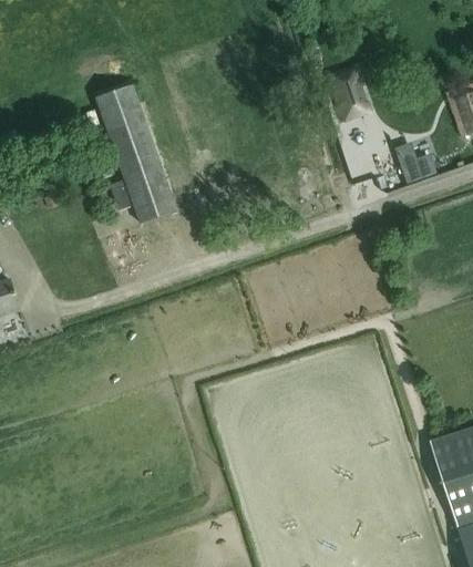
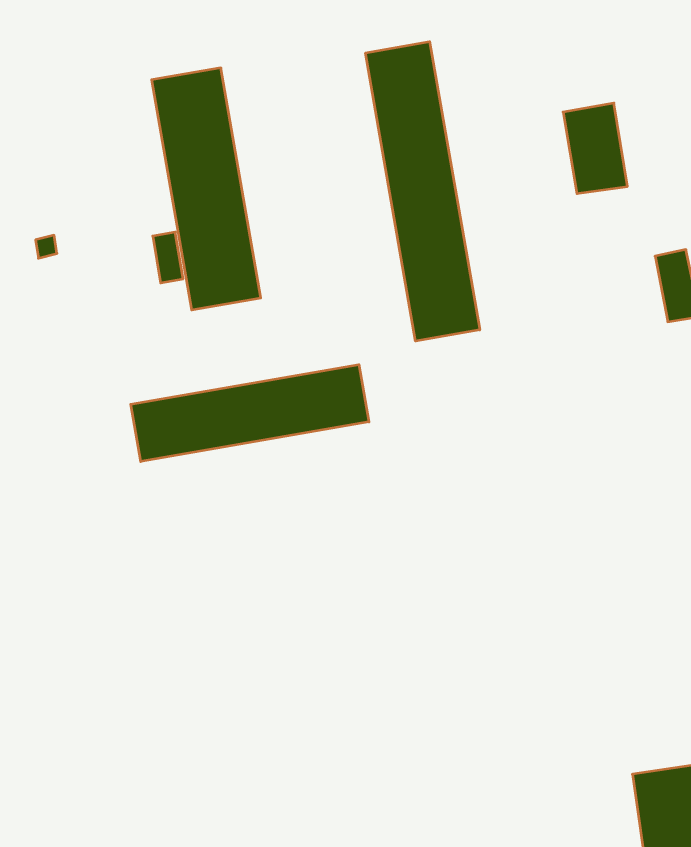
building: none -> [366,42,480,341]
building: none -> [131,365,369,462]

